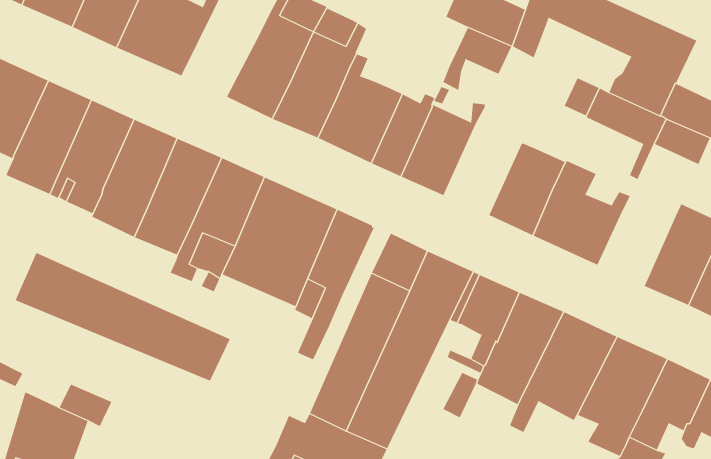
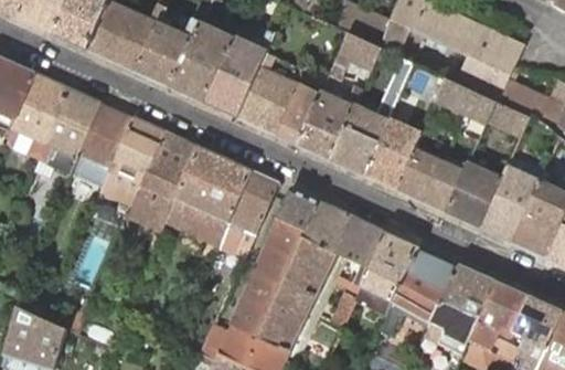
building: none -> [137,22,195,86]
building: none -> [332,59,415,175]
building: none -> [447,162,503,228]
building: [15,252,230,382] -> none

